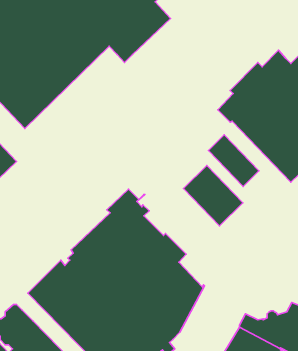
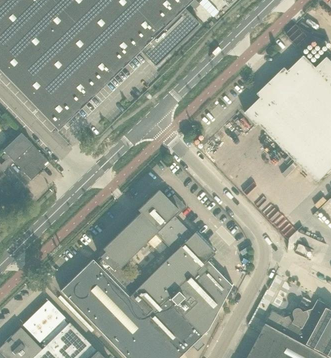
building: [208,135,259,187] -> none
building: [184,166,243,226] -> none

